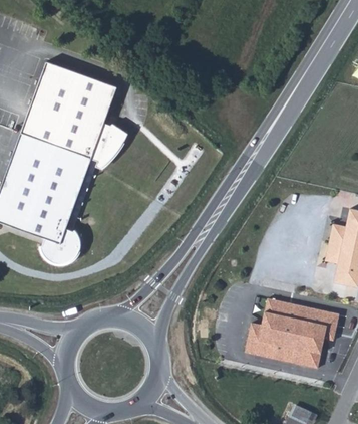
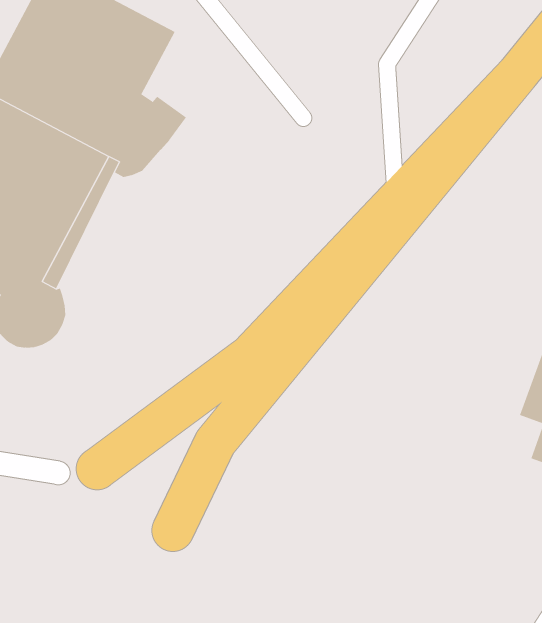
building: [247,300,340,368] -> none

